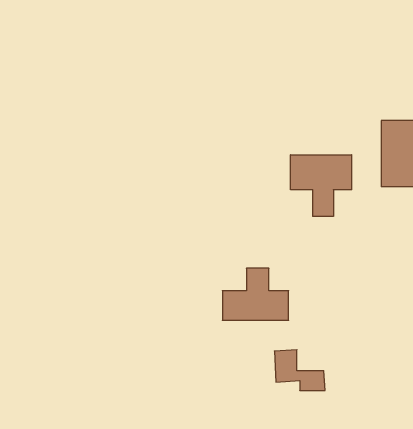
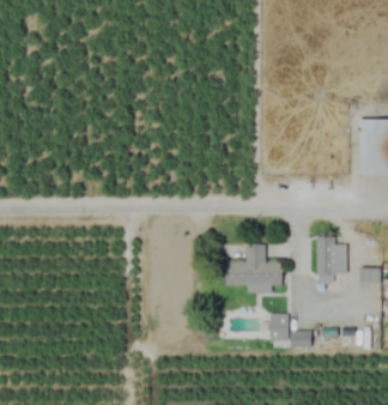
building: [291,155,352,216] -> none
building: none -> [316,236,334,282]

